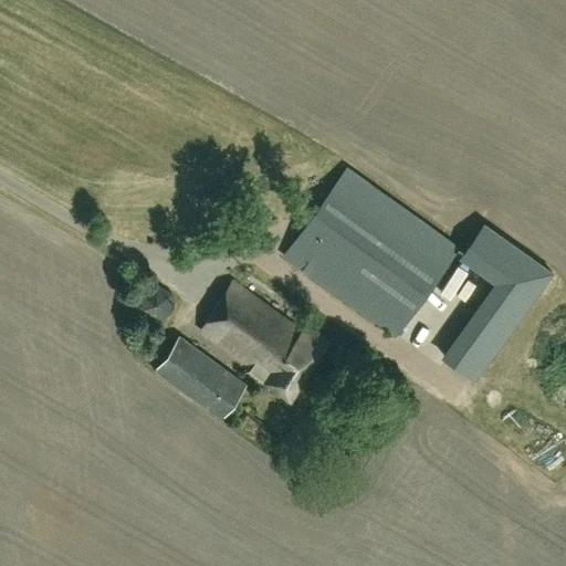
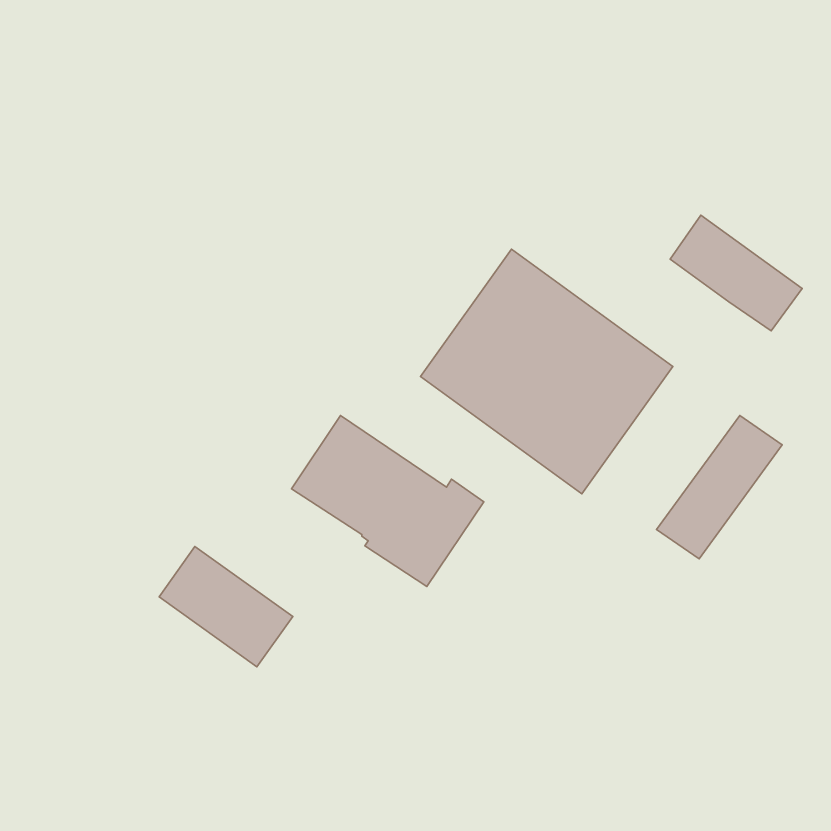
building: [463,224,553,303] -> [670,215,802,331]
building: [156,337,247,419] -> [159,546,293,667]

